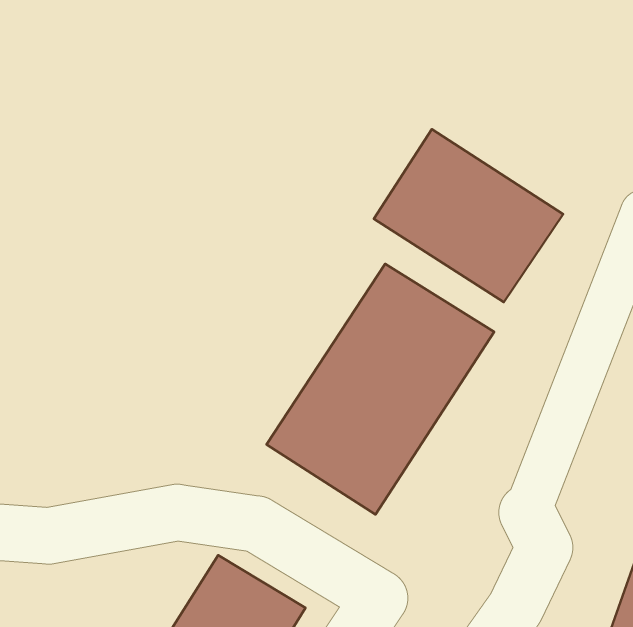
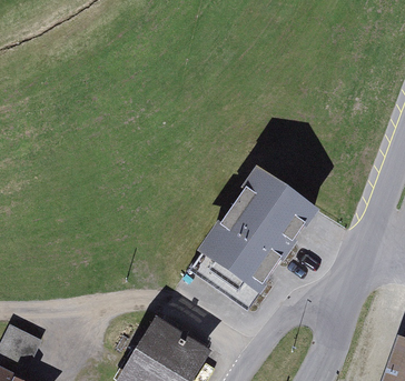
building: [374,129,563,302] -> none

